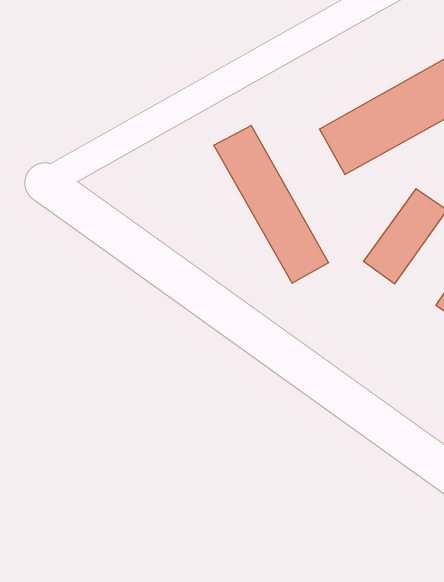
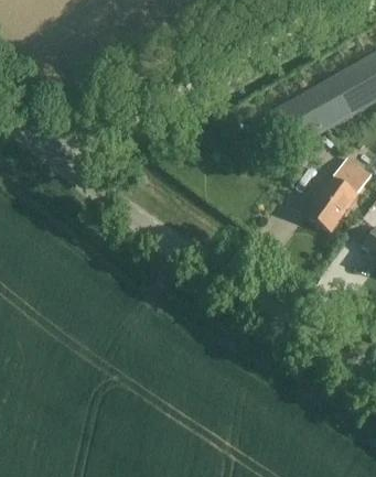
building: [214,125,328,283] -> none

